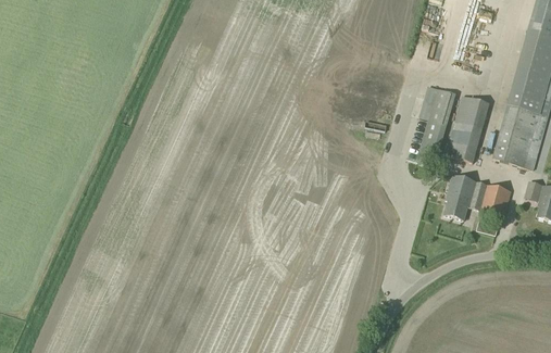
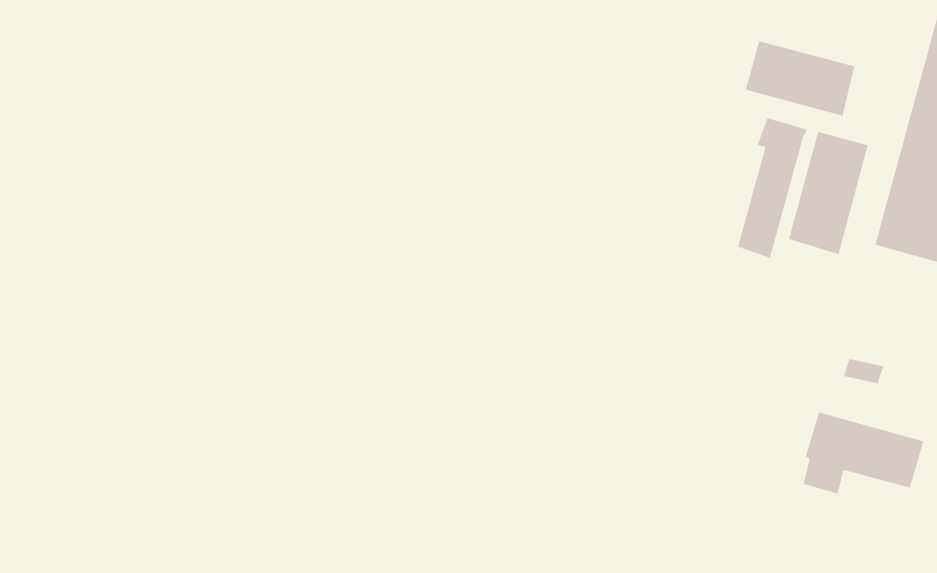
building: none -> [745,40,855,116]
building: [444,173,512,218] -> [803,412,924,494]

